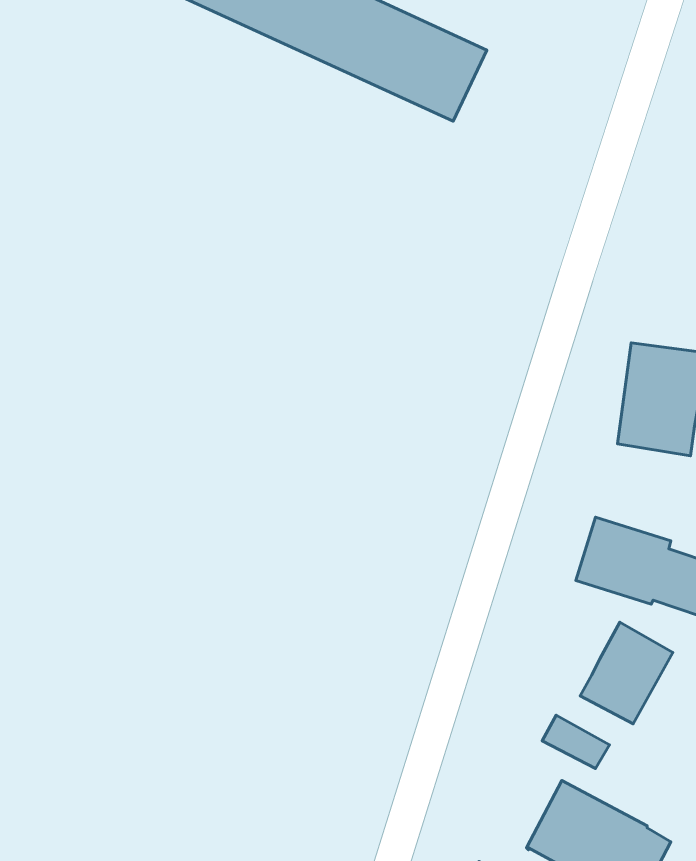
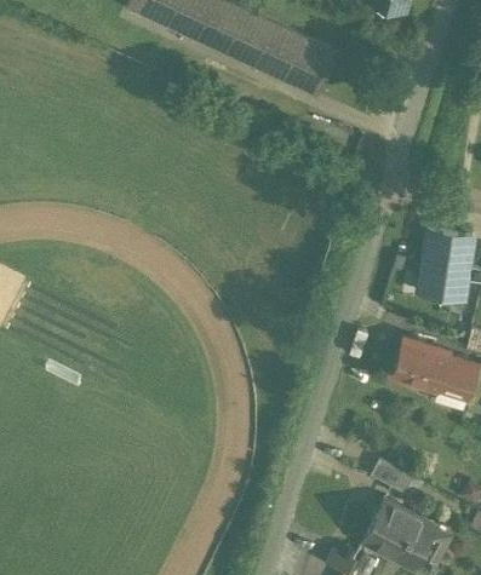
building: [580,622,673,724] -> none

